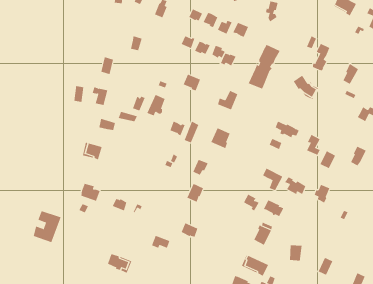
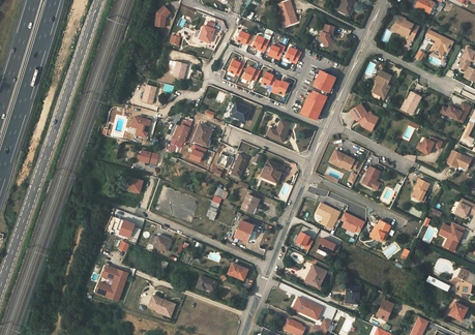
building: [33,210,61,243] -> [96,265,127,300]

